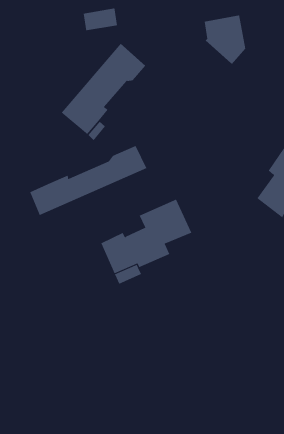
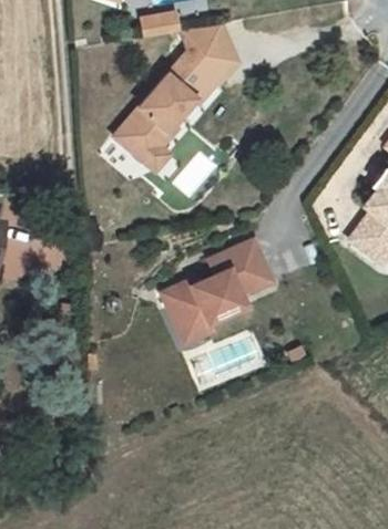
building: [204,15,246,65] -> [185,21,236,81]
building: [30,145,147,216] -> none

